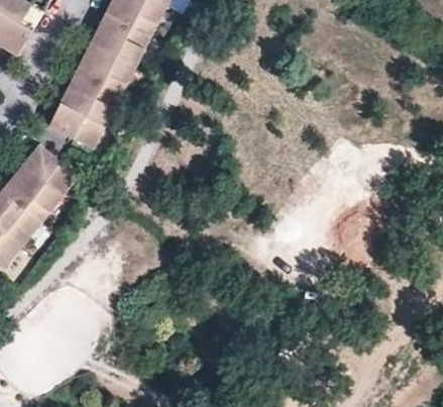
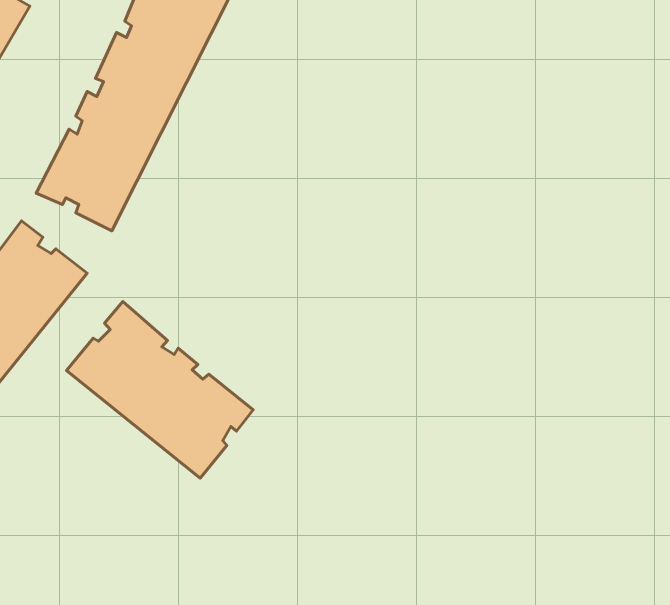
building: none -> [67,301,253,478]

